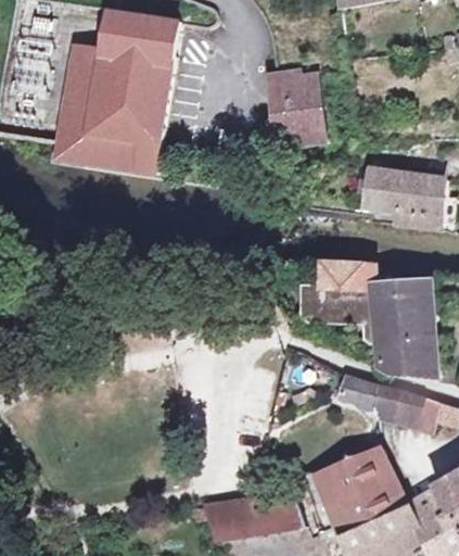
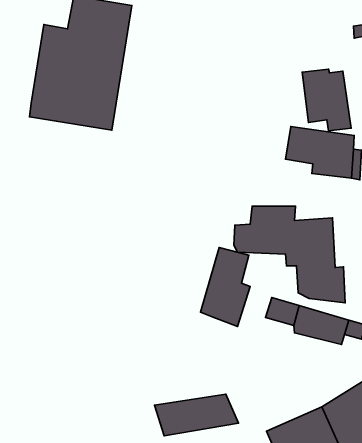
building: [267,71,326,144] -> [302,69,351,131]
building: none -> [200,247,250,327]
building: [305,447,406,533] -> none

